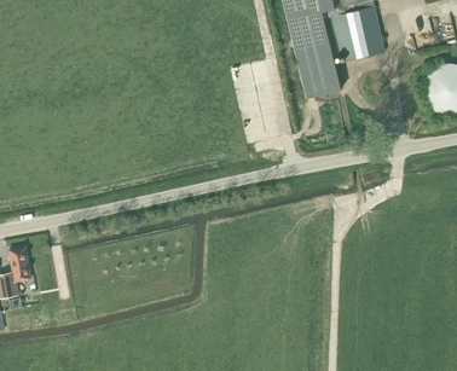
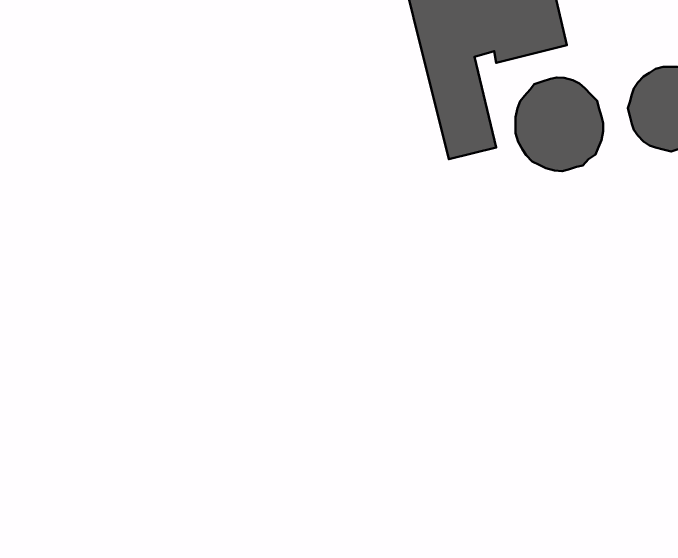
building: none -> [515,77,603,171]

